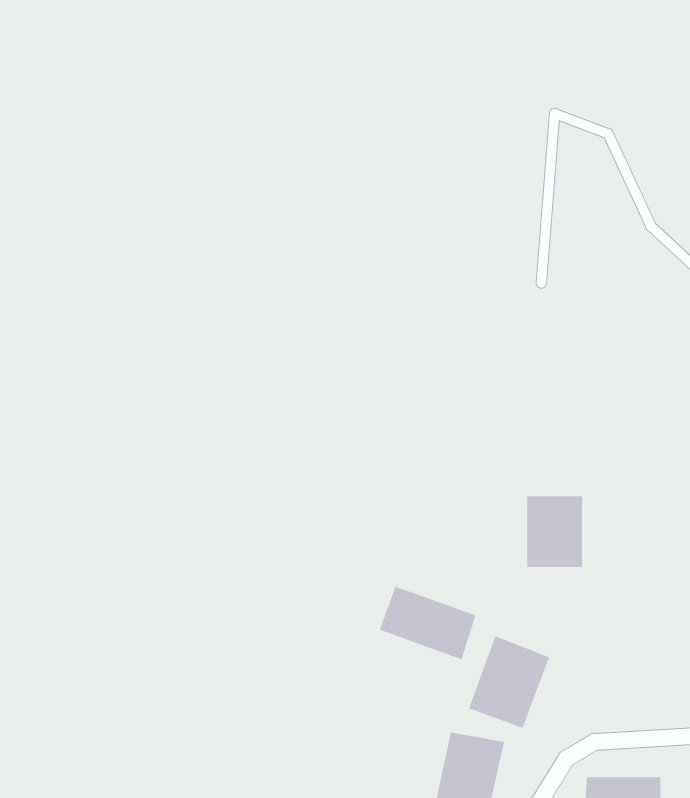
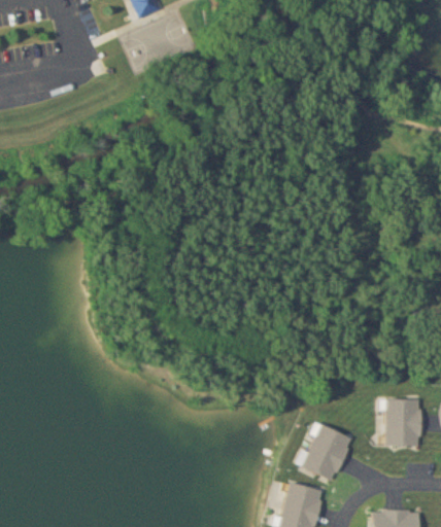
building: [526,496,583,567] -> [385,400,420,445]
building: [379,586,476,660] -> none

